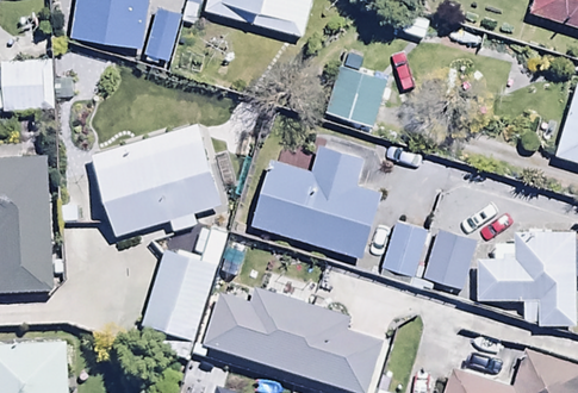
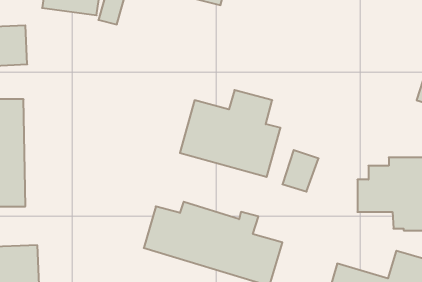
building: [323,63,391,130] -> none
building: [92,123,224,237] -> none
building: [422,230,477,291] -> none
building: [141,248,216,341] -> none

